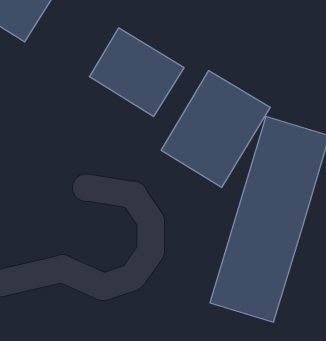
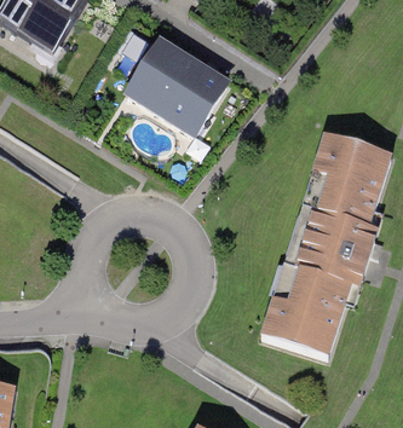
building: [161,71,270,188] -> none

